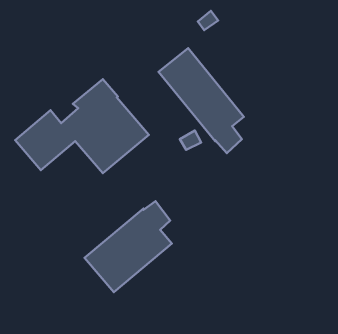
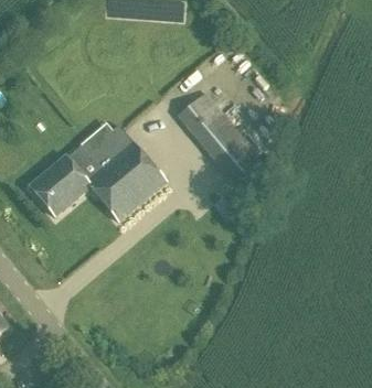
building: [85,201,172,292] -> none

